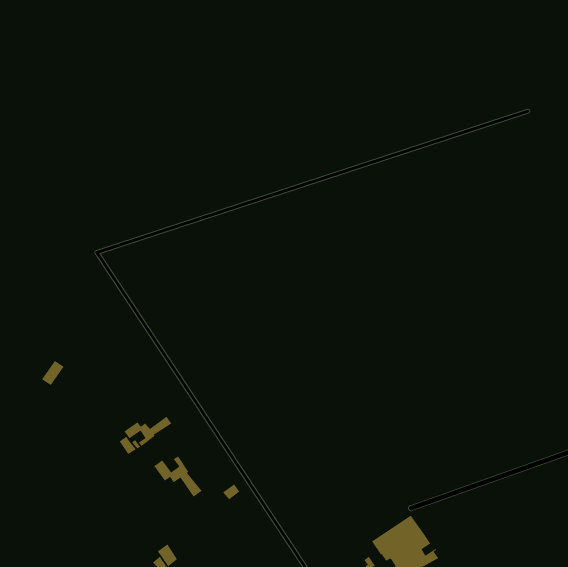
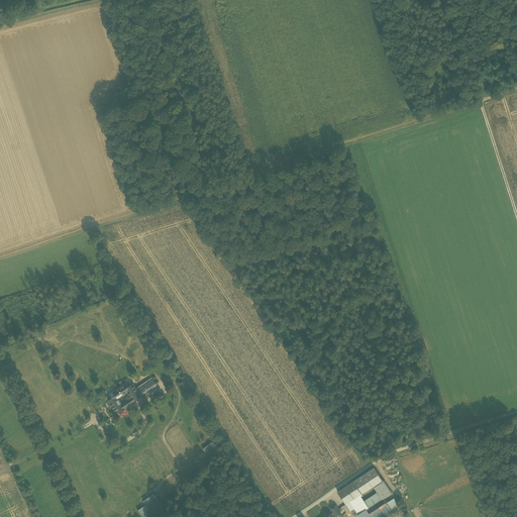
building: [153,455,202,498] -> none

